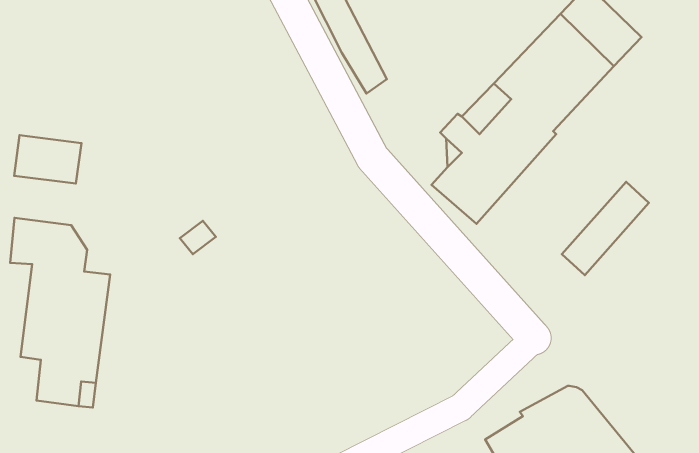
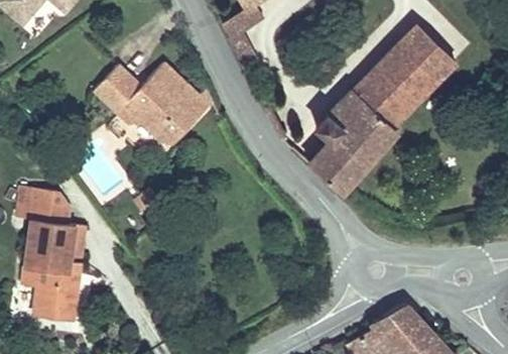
building: none -> [94,63,213,141]
building: [14,135,81,184] -> none
building: [562,182,649,275] -> none

